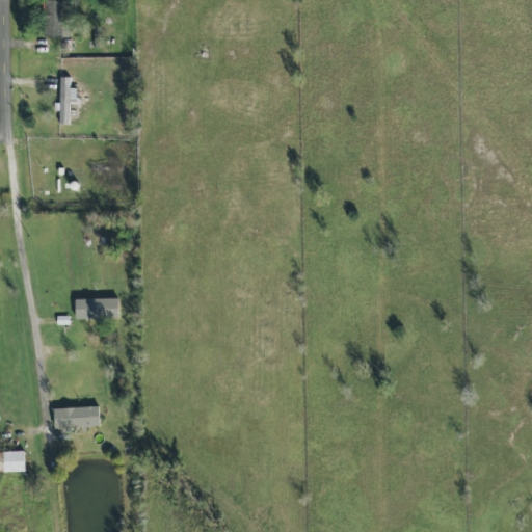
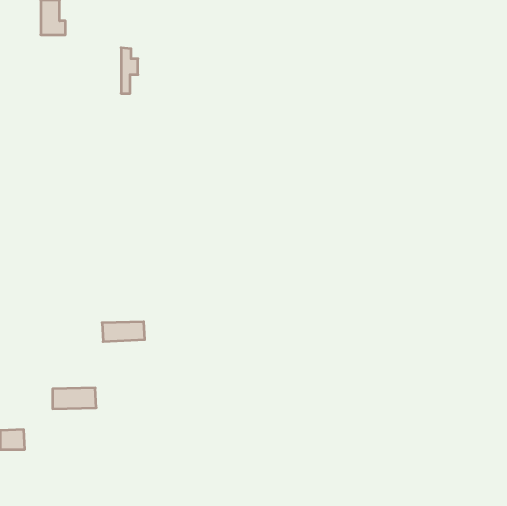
building: [59,76,77,124] -> [121,48,138,93]
building: [75,298,119,319] -> [102,322,145,342]

